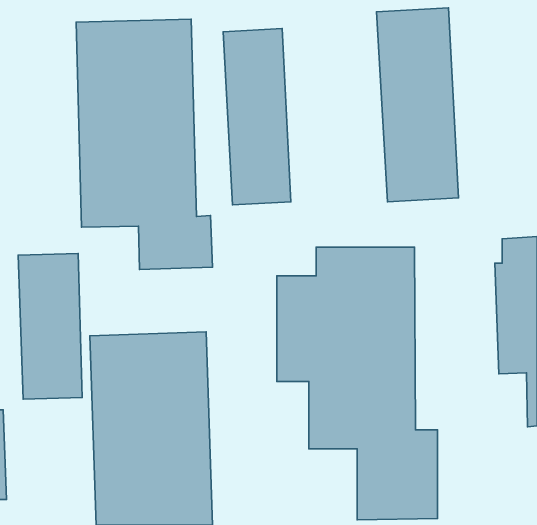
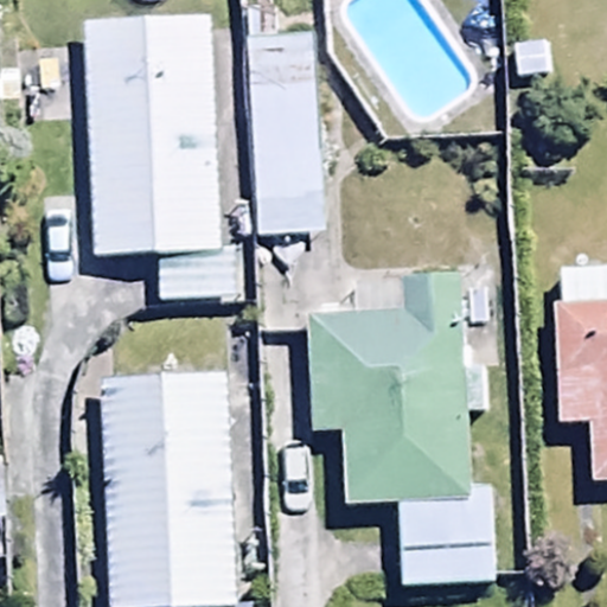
building: [376,8,458,202] -> none
building: [18,253,82,399] -> none

